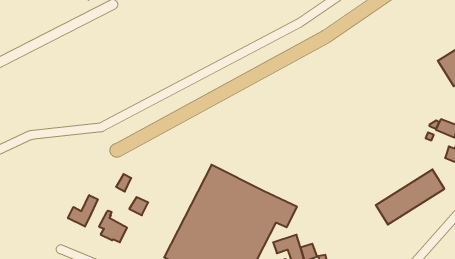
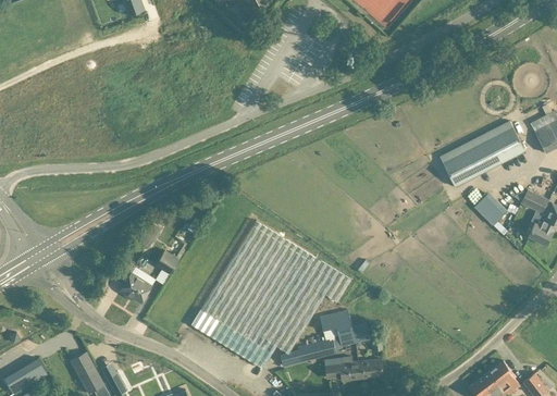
building: none -> [474,194,506,225]
building: [376,169,444,225] -> [443,127,524,187]
building: [68,195,98,227] -> none

